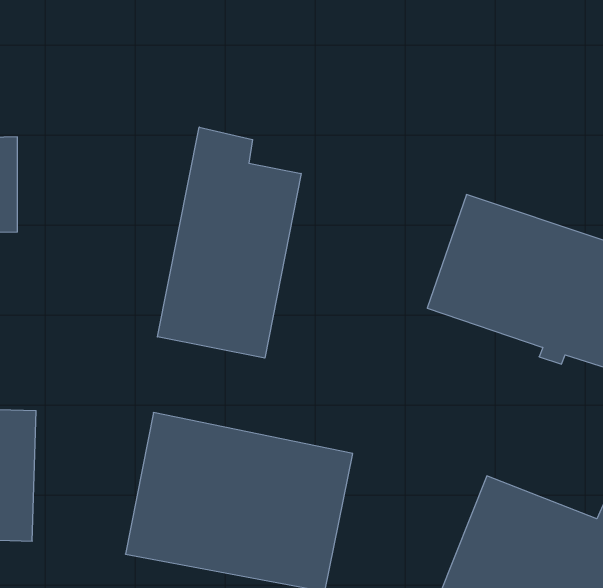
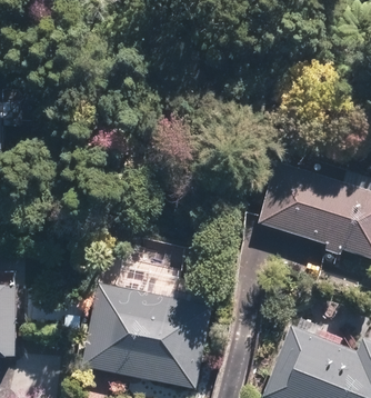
building: [157,127,301,358] -> none

